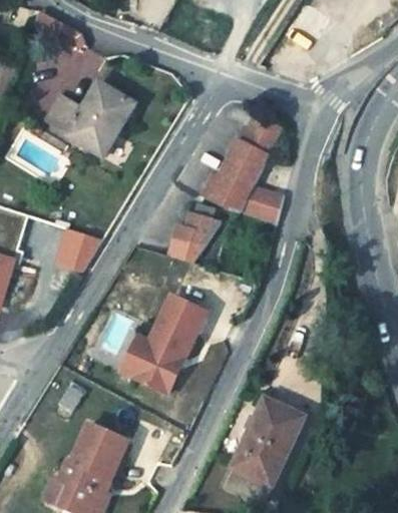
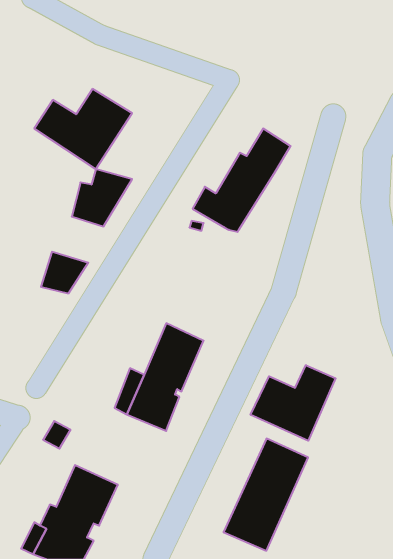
building: [237,188,281,223] -> none
building: [161,209,217,262] -> [72,169,132,226]
building: none -> [251,365,336,441]

